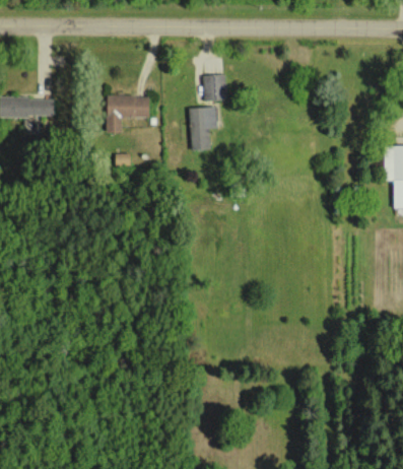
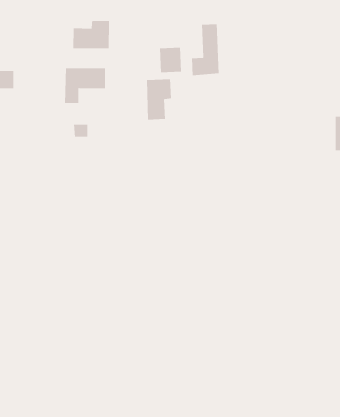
building: none -> [73,20,110,49]
building: none -> [191,24,219,76]

